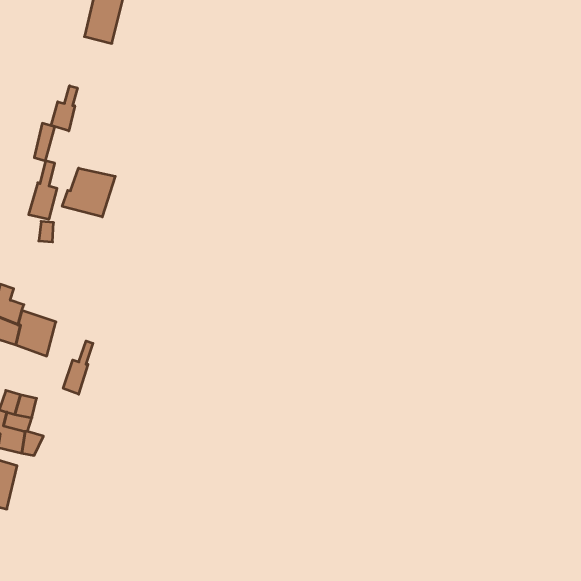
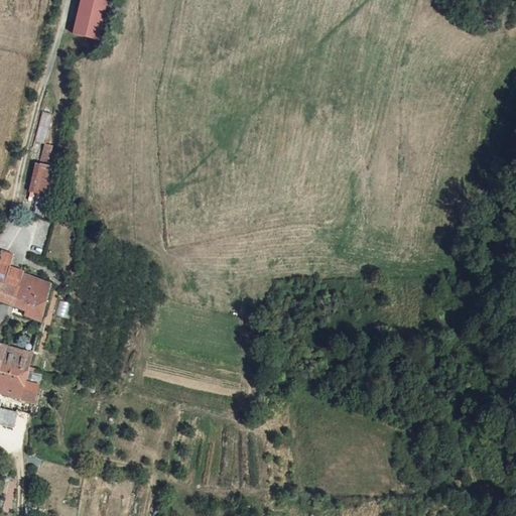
building: [51,86,77,131] -> none
building: [62,168,115,217] -> none
building: [63,341,93,394] -> none

